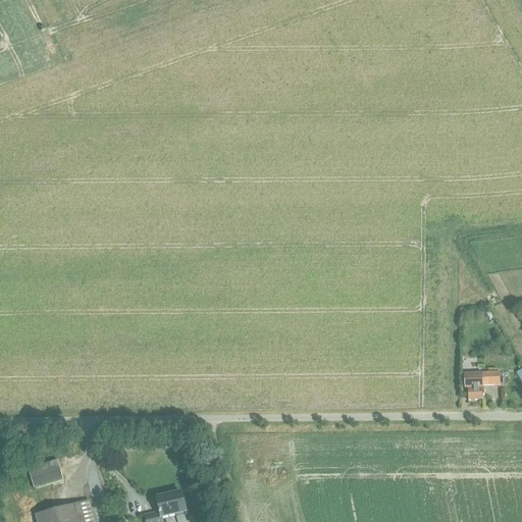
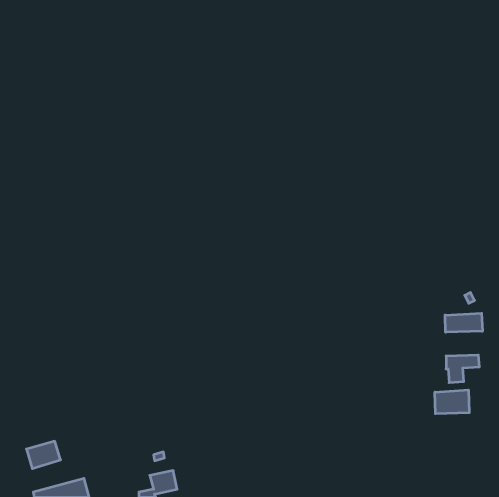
building: none -> [445,313,482,332]
building: none -> [435,390,469,414]

